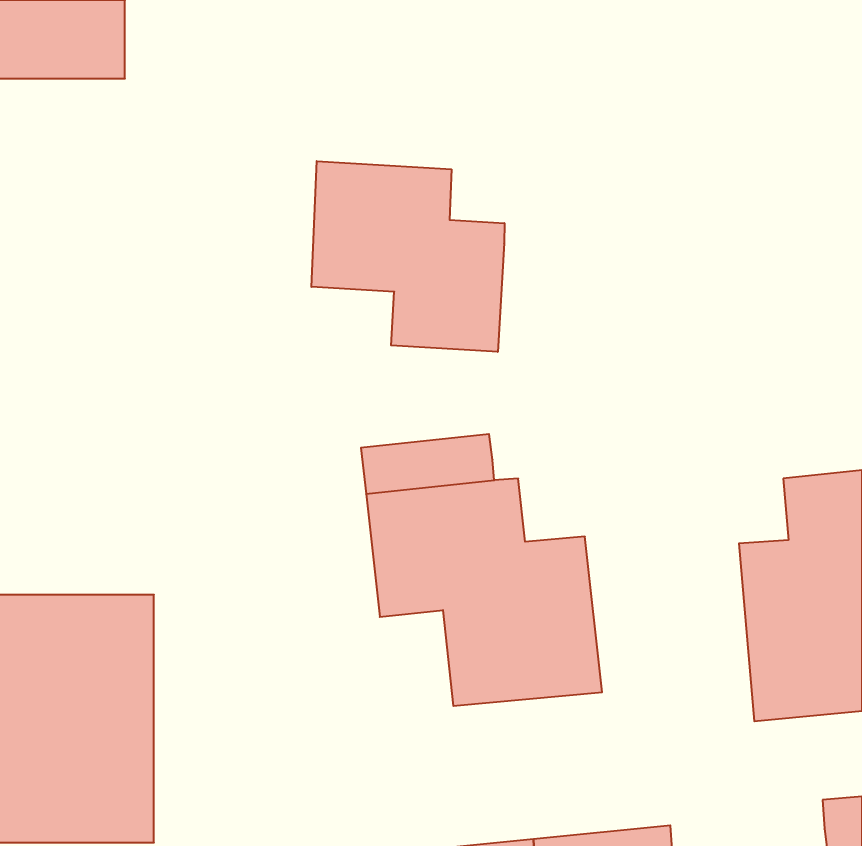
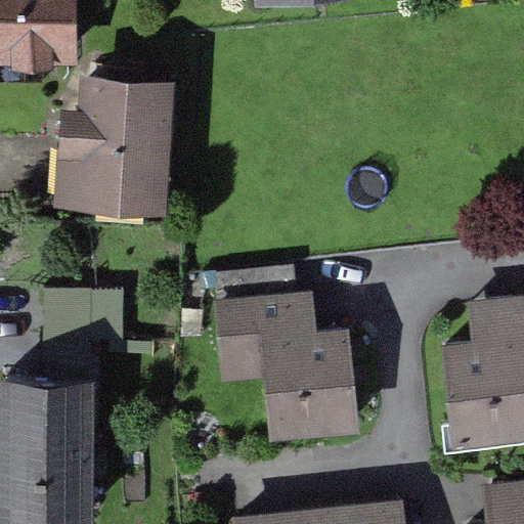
building: none -> [54,69,175,210]
building: [311,161,504,352] -> none

